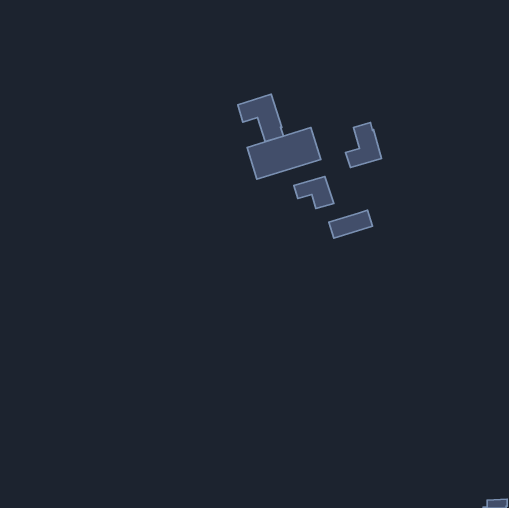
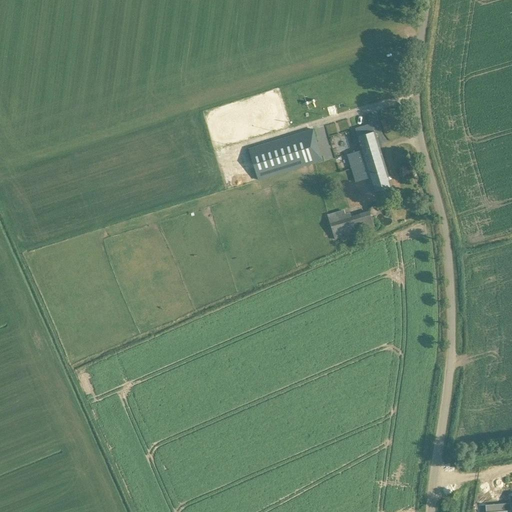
building: [238,94,284,142] -> none
building: [294,176,334,208] -> [352,159,392,191]

